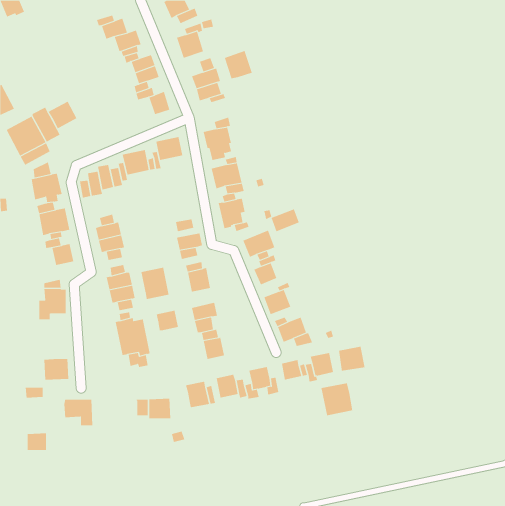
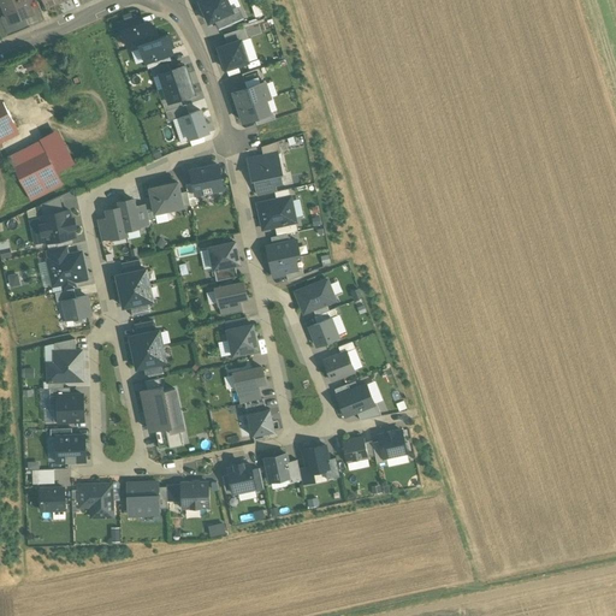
building: [224,50,252,79] -> none
building: [48,101,77,129] -> none
building: none -> [208,243,238,270]
building: [271,208,300,232] -> none
building: [141,267,169,300] -> none
building: [156,310,178,331] -> none
building: none -> [49,396,83,422]
building: [338,346,365,372] -> none
building: [321,382,353,416] -> none
building: none -> [126,482,158,515]
building: [27,433,47,451] -> [40,488,64,510]

